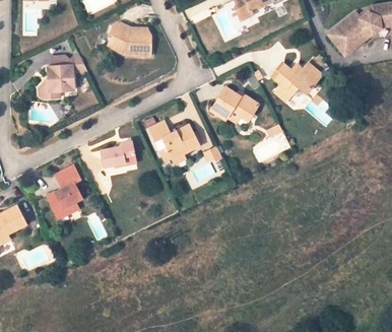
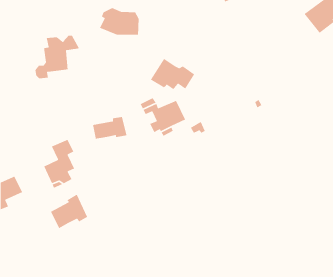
building: [274,66,320,103] -> none
building: [210,88,259,123] -> [150,58,195,90]
building: none -> [50,194,88,229]

